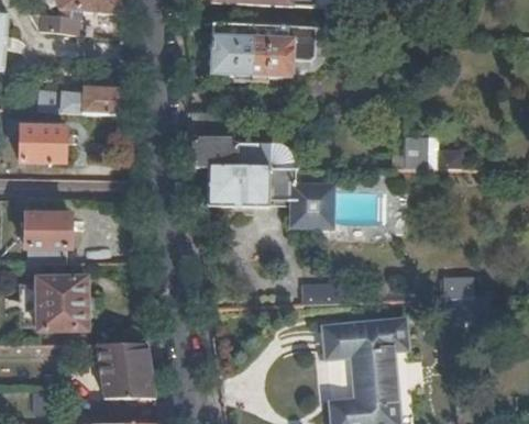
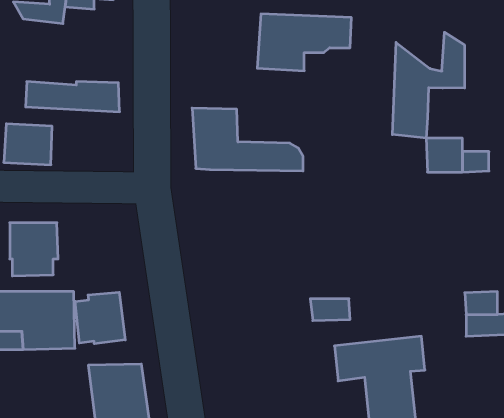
building: [213,21,255,74] -> none
building: none -> [392,32,465,138]
building: [207,166,335,228] -> none
building: none -> [75,292,125,344]

